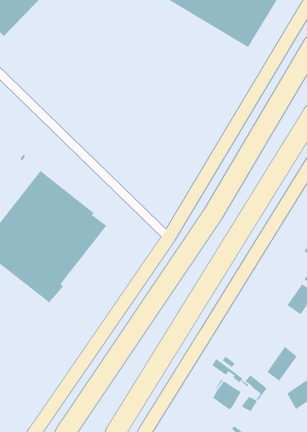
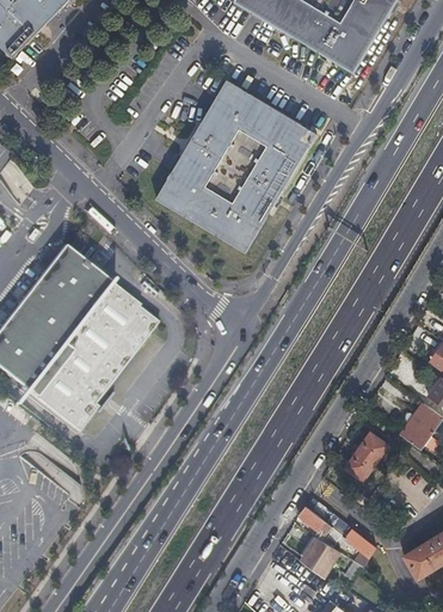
building: none -> [152,78,315,253]
building: [266,346,297,381] -> [347,430,390,479]

